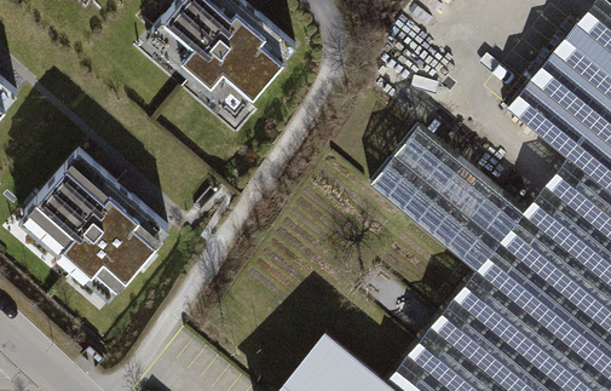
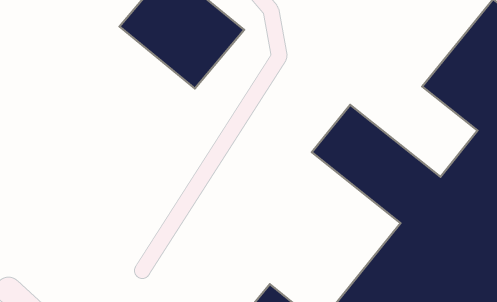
building: [24,151,162,287] -> none

